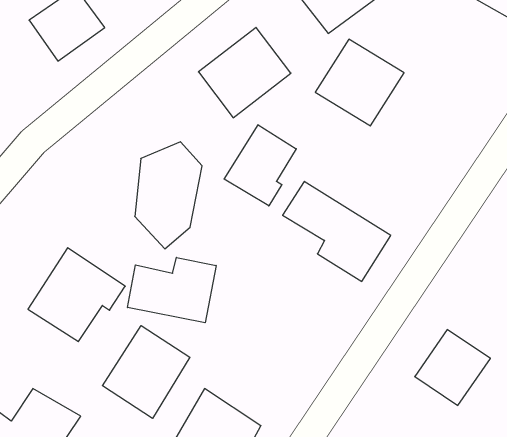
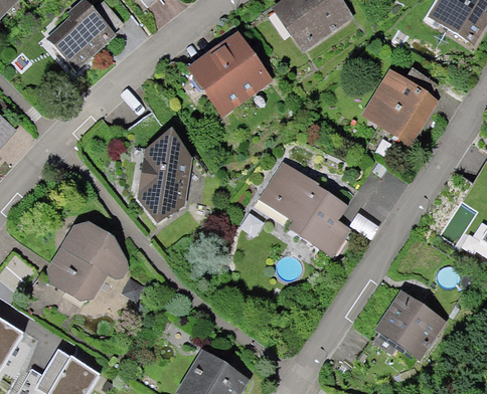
building: [315,39,404,126] -> [366,71,441,144]
building: [224,125,296,206] -> none
building: [128,257,216,323] -> none
building: [102,326,190,418] -> none

